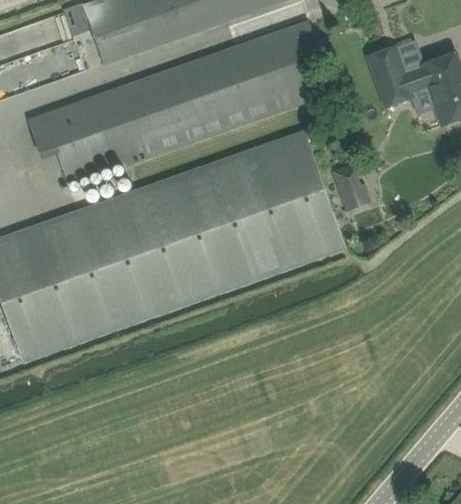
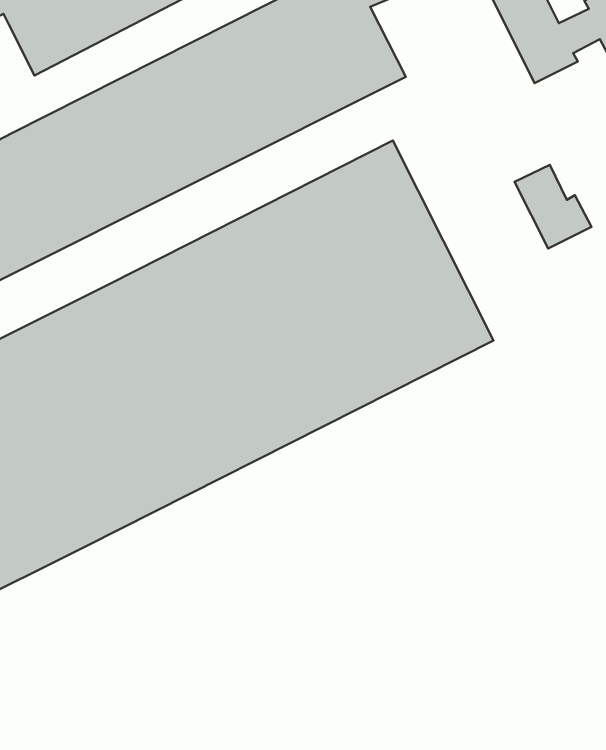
building: [330,164,370,211] -> [515,165,591,248]

